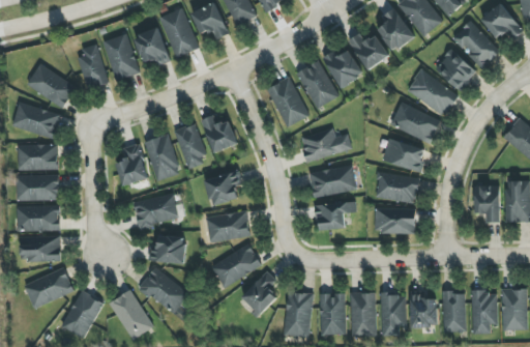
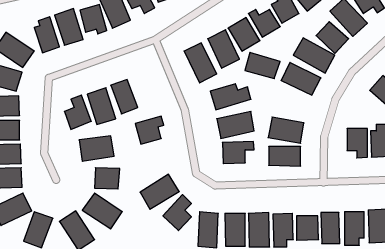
building: [200,115,238,153] -> none
building: [382,138,426,171] -> [245,52,280,79]
building: [205,210,251,242] -> none

